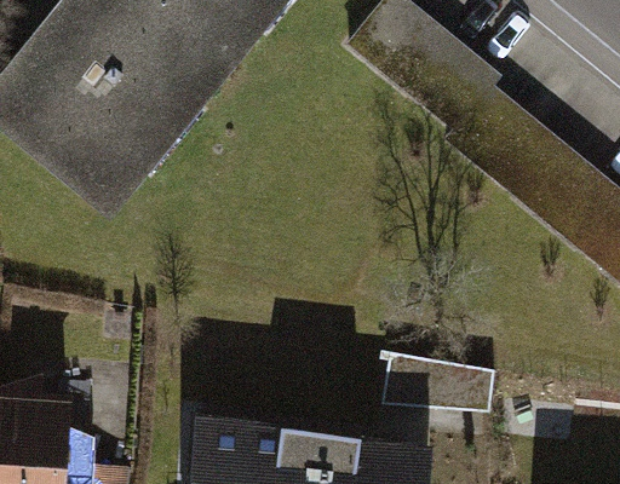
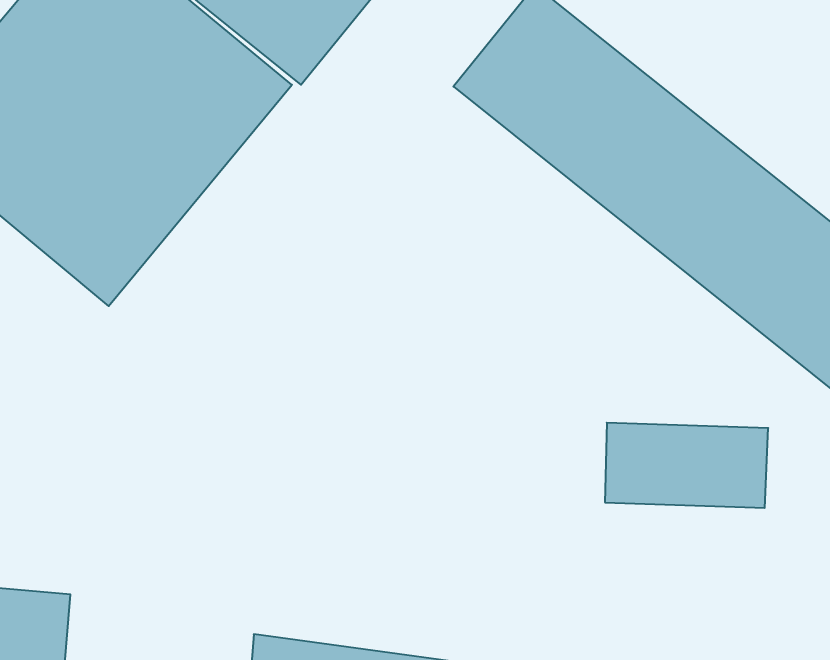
building: [394,362,503,419] -> [605,423,768,508]

